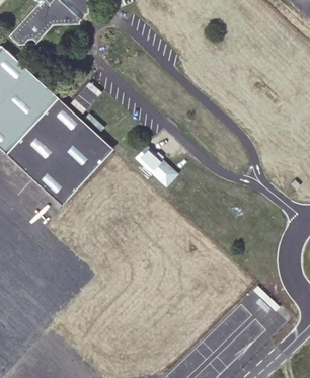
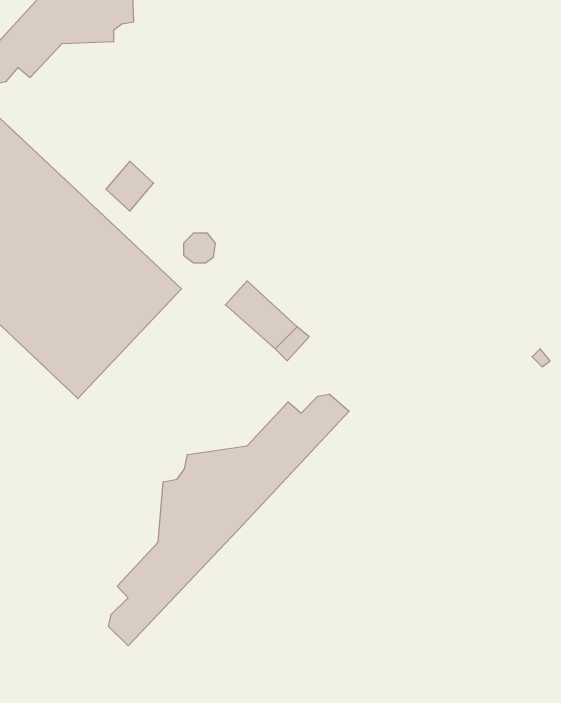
building: none -> [108,394,349,646]

